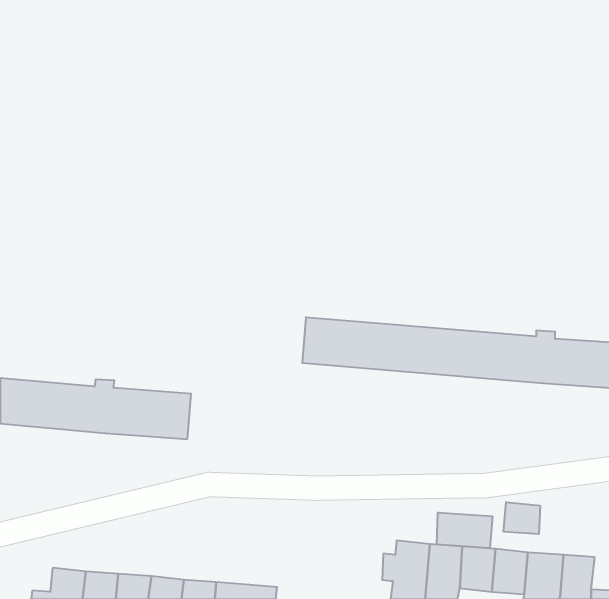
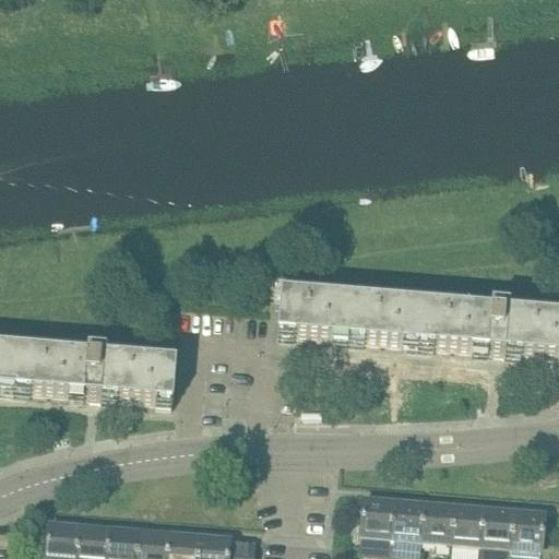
building: [504,502,540,534] -> none
building: [437,512,492,548] -> none

